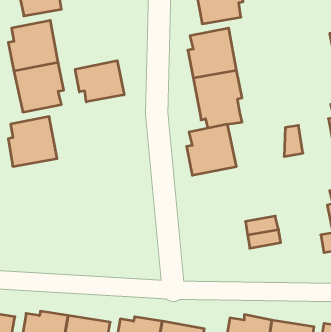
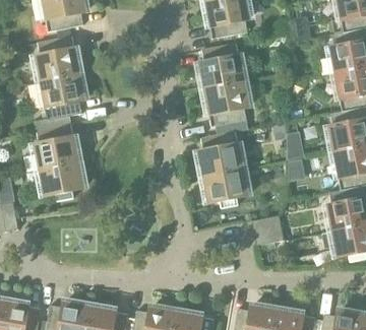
building: [75,61,124,102] -> none
building: none -> [39,161,84,200]
building: none -> [203,169,249,207]

